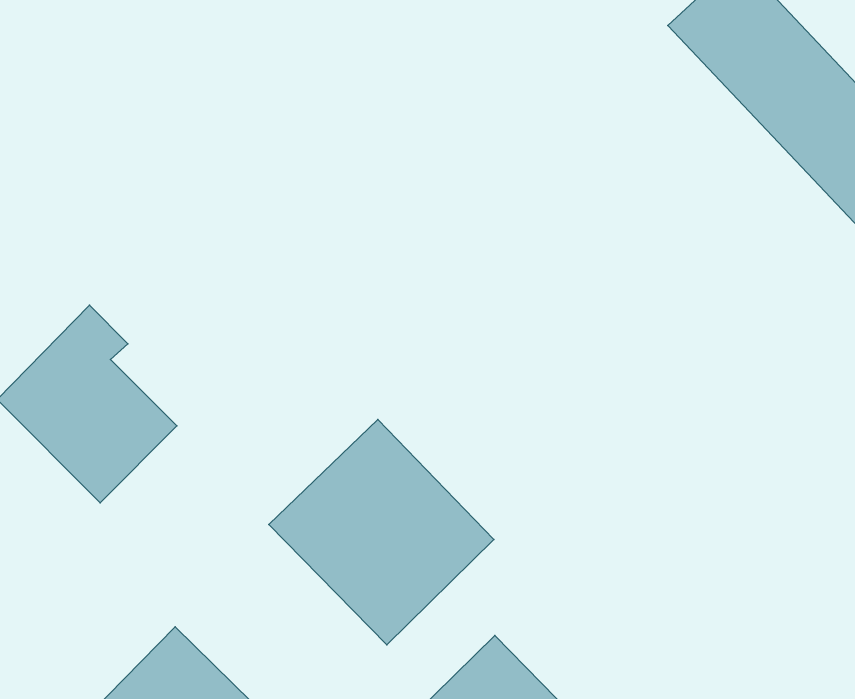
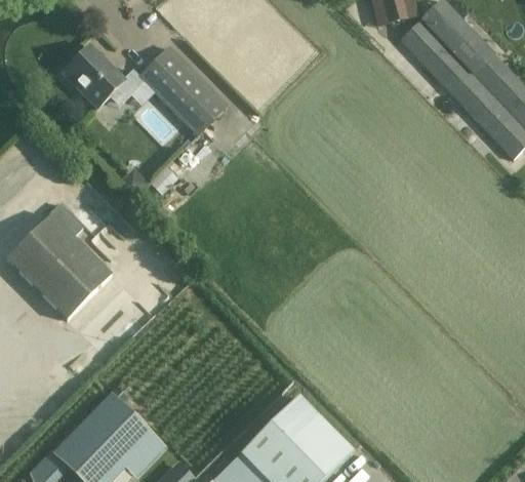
building: none -> [63,44,229,134]
building: [269,419,494,645] -> none

